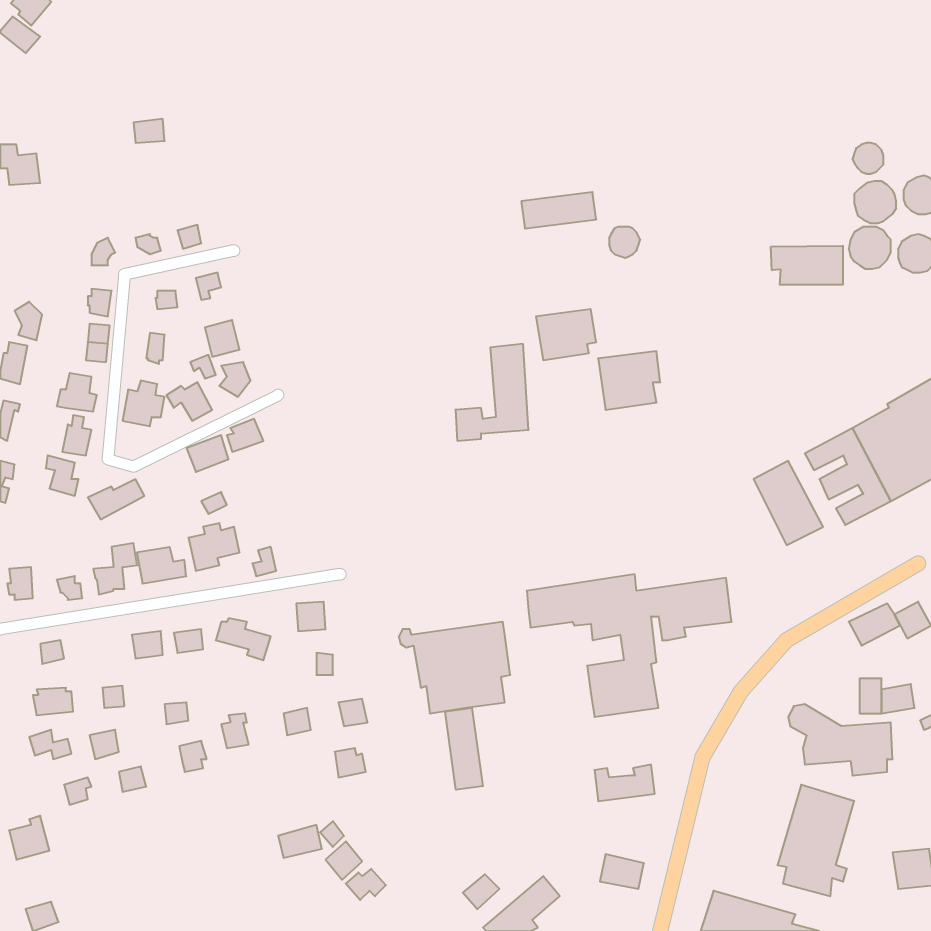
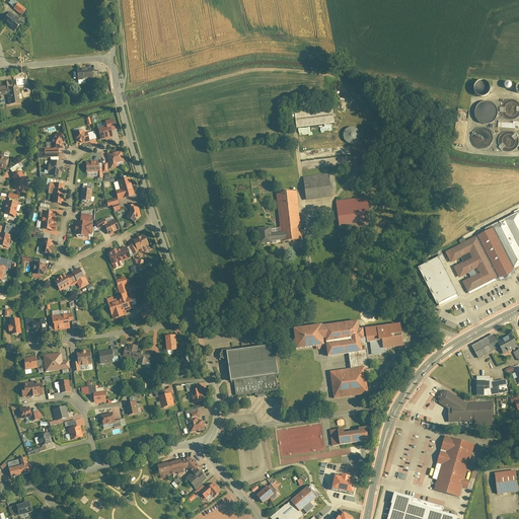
building: [771,246,843,285] -> none
building: [137,547,186,584] -> [42,351,69,371]
building: [445,708,483,790] -> none

